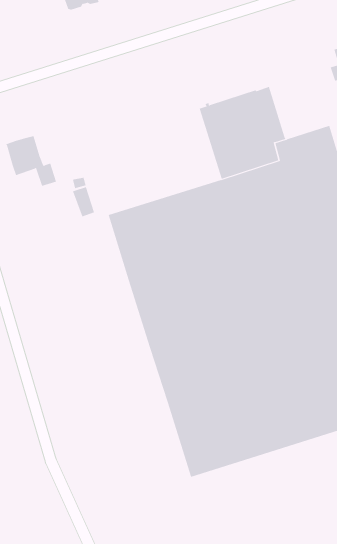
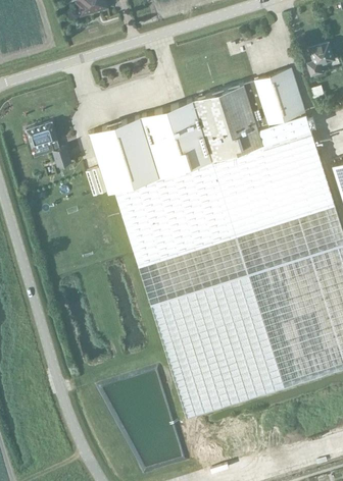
building: none -> [255,71,306,126]
building: none -> [90,102,213,196]

